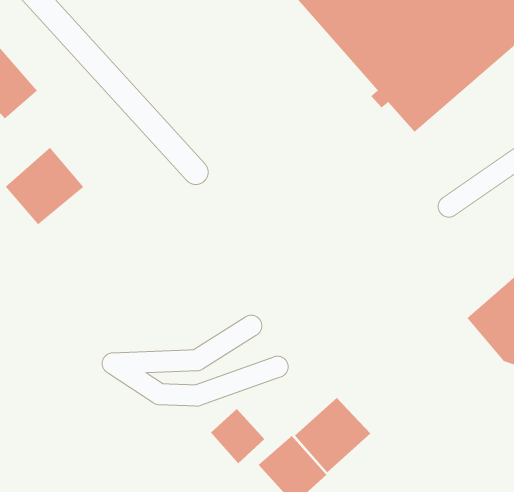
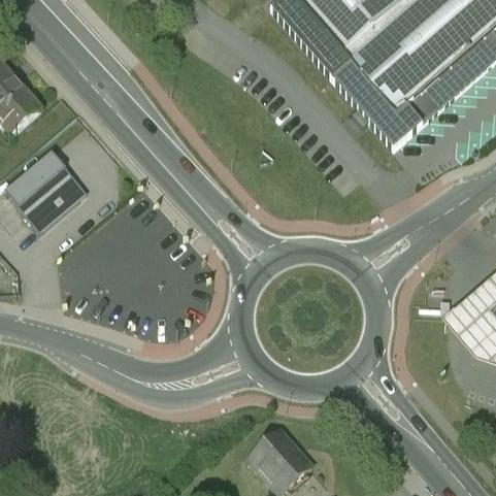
building: [294,397,371,473] -> none
building: [210,408,265,464] -> none

